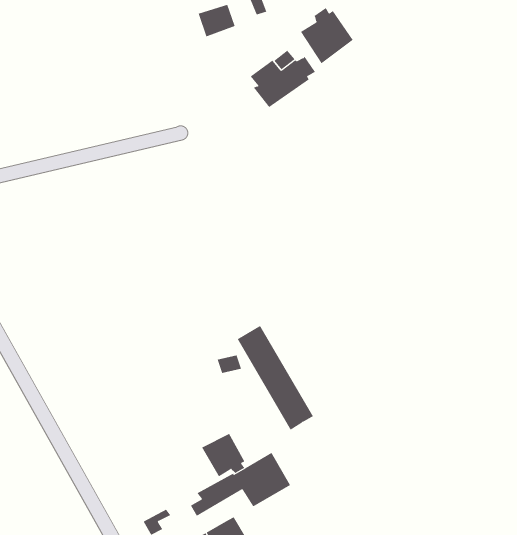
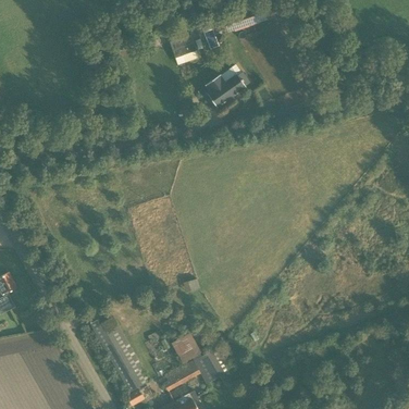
building: [300,7,354,64] -> none
building: [237,325,314,430] -> [94,321,147,394]

